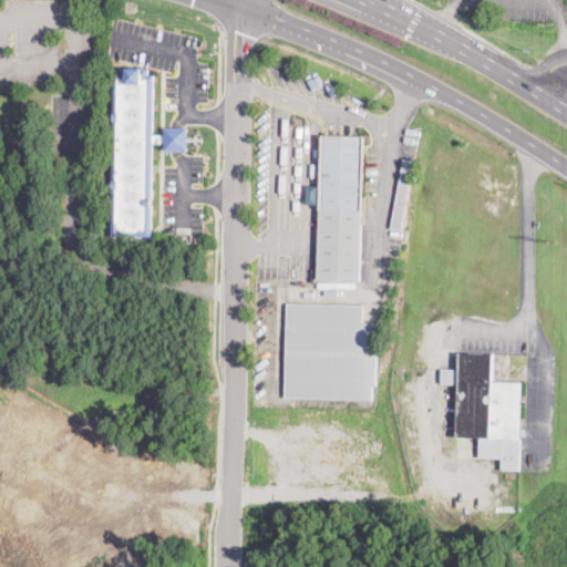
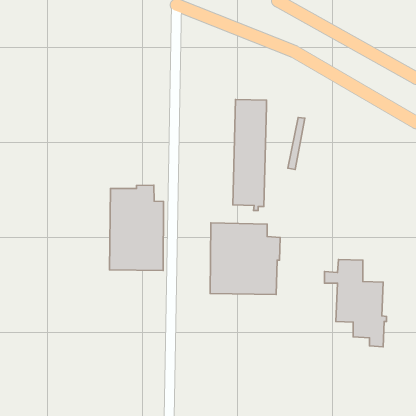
building: [111,69,186,237] -> none
building: none -> [109,185,163,271]

